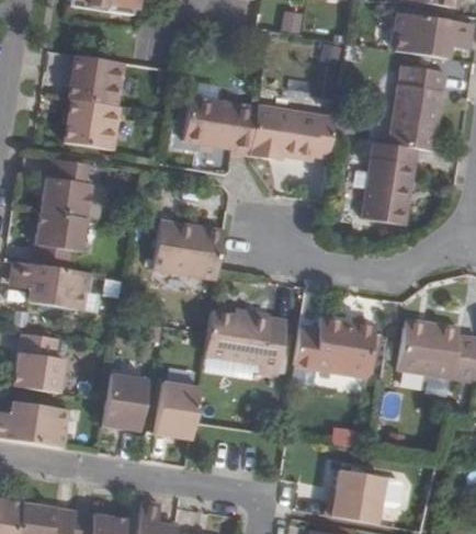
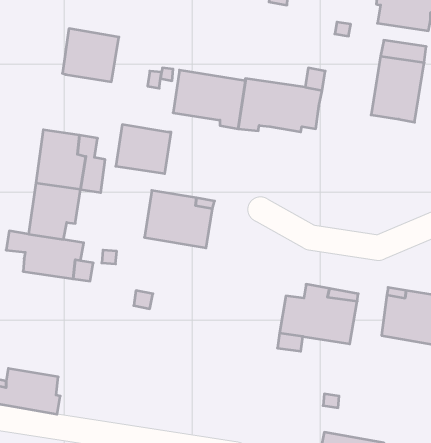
building: [66,100,123,150] -> [116,125,171,174]
building: [361,139,416,223] -> none
building: [205,311,286,375] -> none
building: [14,333,66,395] -> none
building: [102,375,147,433] -> none
building: [154,384,200,442] -> none

